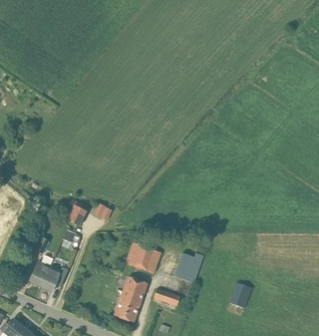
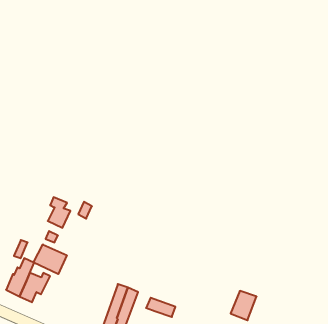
building: none -> [34,244,67,274]
building: [125,242,162,272] -> none
building: [174,252,204,283] -> none

